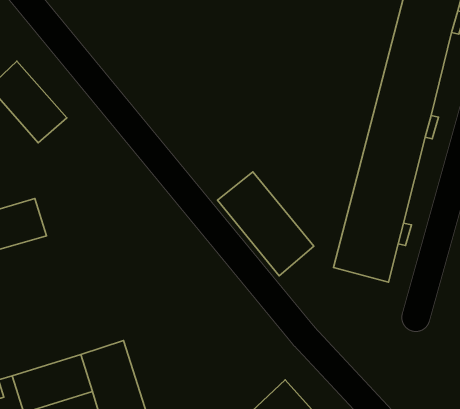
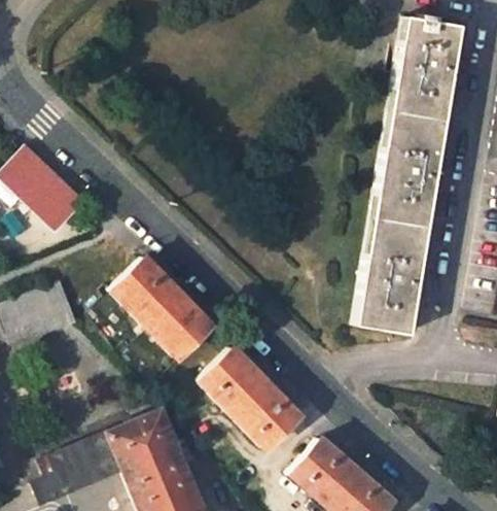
building: [217,172,314,276] -> [201,348,298,447]
building: none -> [113,258,214,357]

